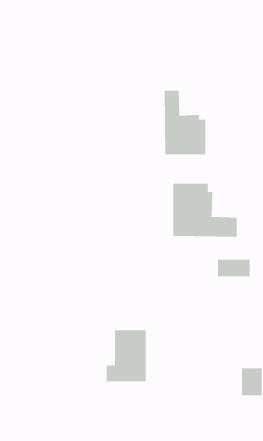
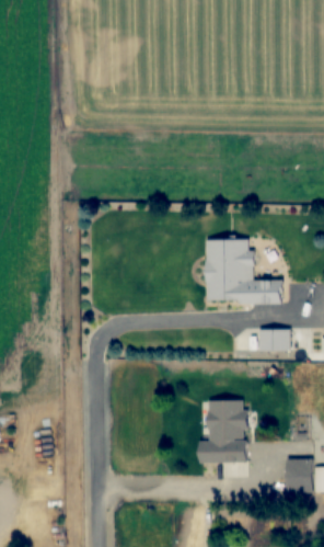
building: [164,90,206,155] -> none
building: [106,330,147,382] -> [197,399,245,460]

